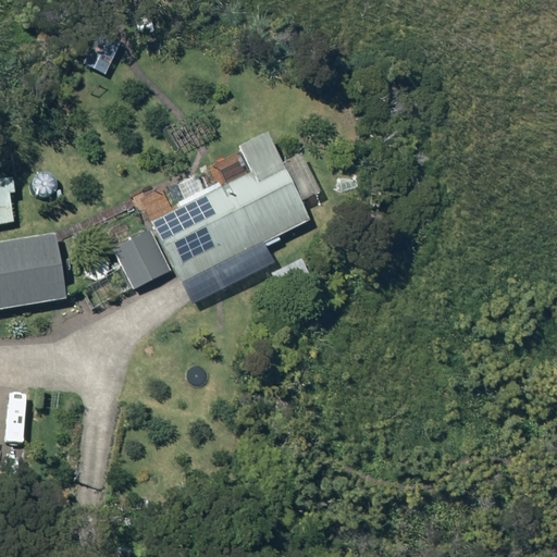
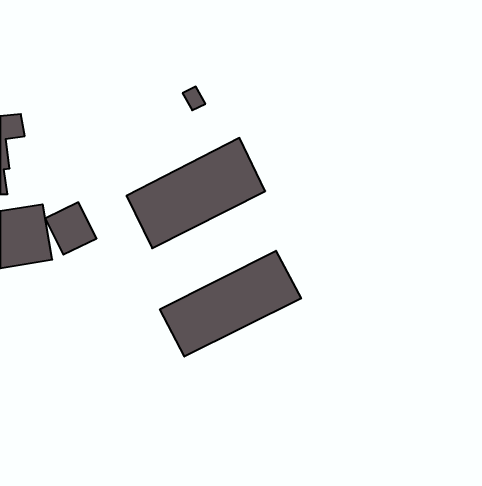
building: [112,231,171,290] -> [45,202,97,255]
building: none -> [160,251,301,357]

